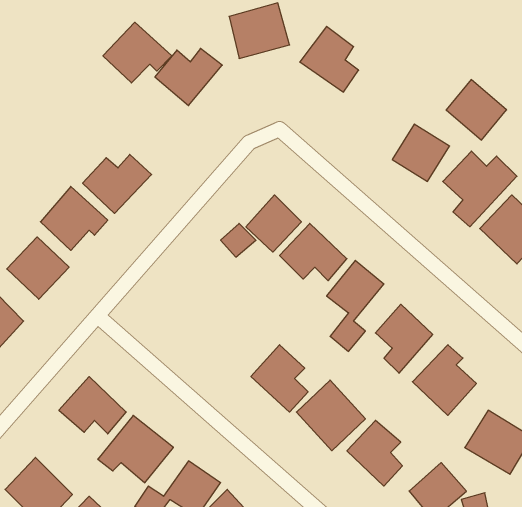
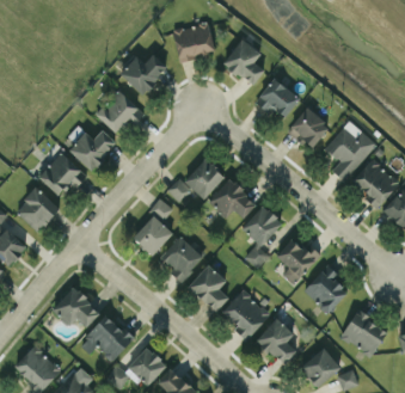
building: [103,22,172,83] -> [96,90,145,133]
building: [446,80,507,140] -> [256,78,299,121]
building: none -> [131,198,173,256]
building: none -> [158,235,204,281]

